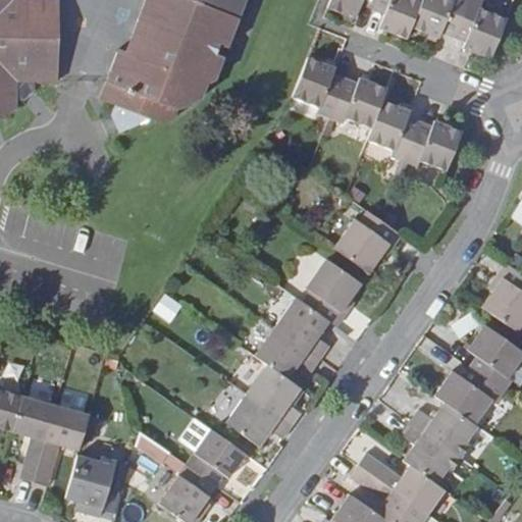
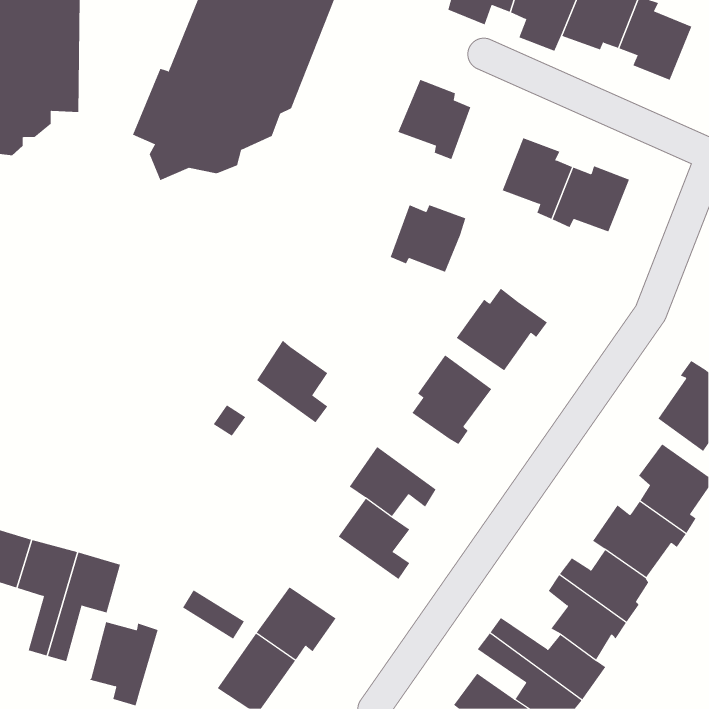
building: [331,79,387,128] -> [390,204,466,273]
building: [276,298,329,359] -> [256,340,328,423]
building: [226,394,293,447] -> none

